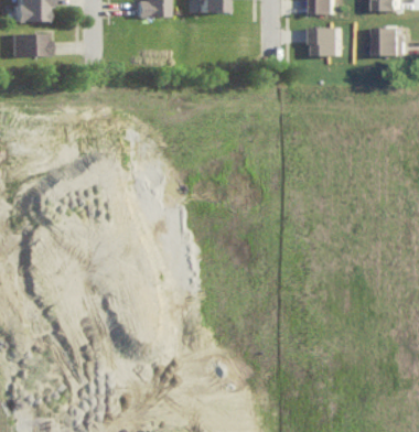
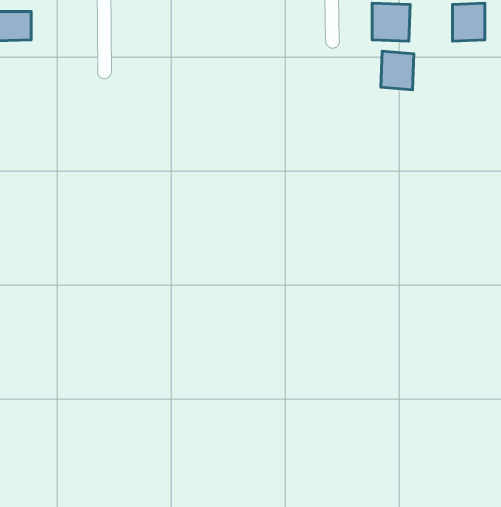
building: none -> [381,51,414,90]

